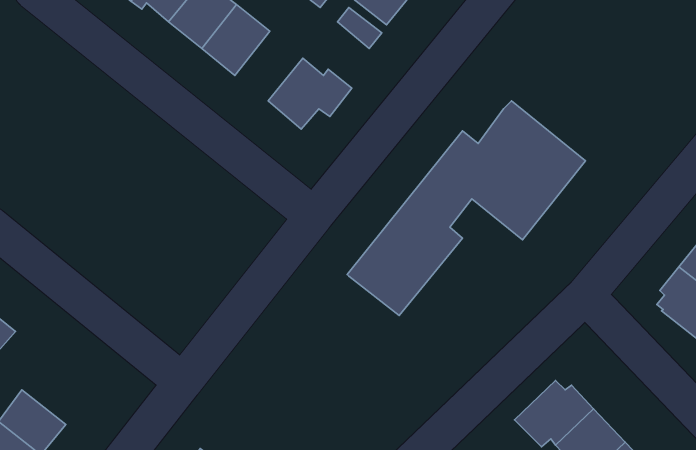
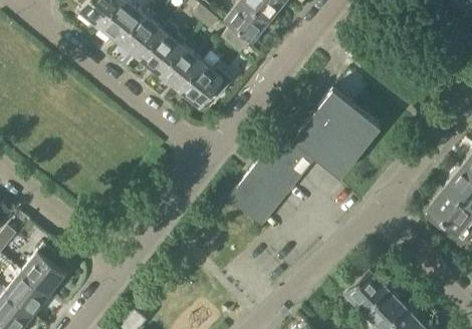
building: none -> [157,44,200,88]
building: none -> [21,244,68,294]

